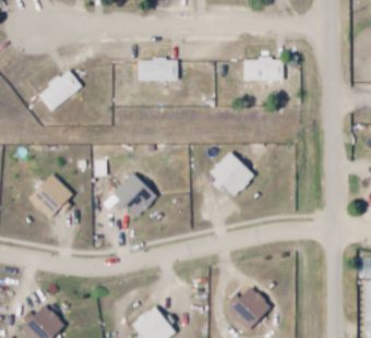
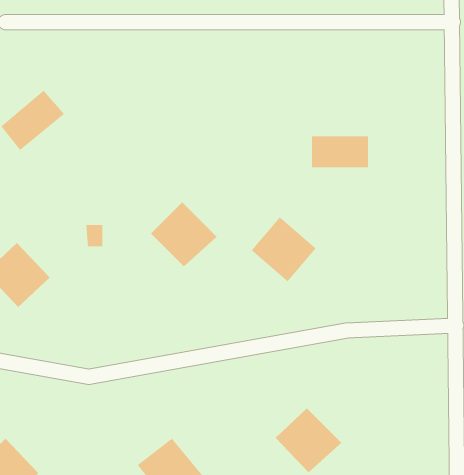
building: [136,59,176,80] -> none
building: [244,59,284,81] -> [311,136,369,168]
building: [111,172,157,217] -> [150,201,217,267]

